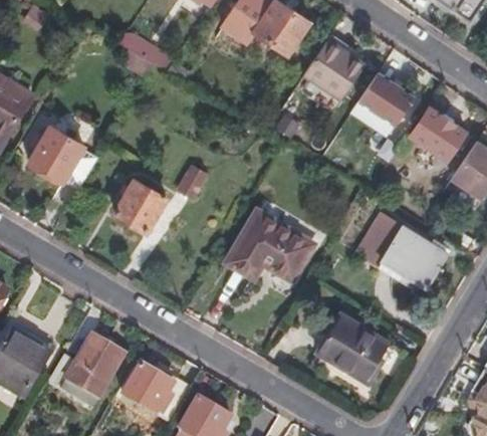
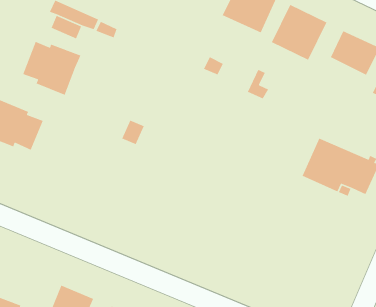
building: none -> [22,41,82,96]
building: [114,180,166,231] -> none
building: [226,210,313,277] -> none
building: [319,312,391,378] -> none

